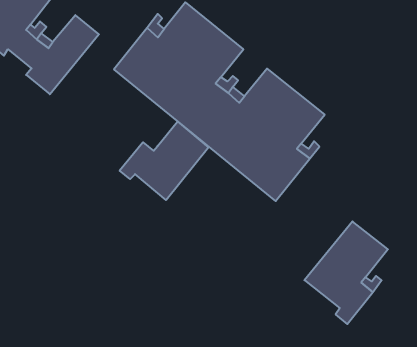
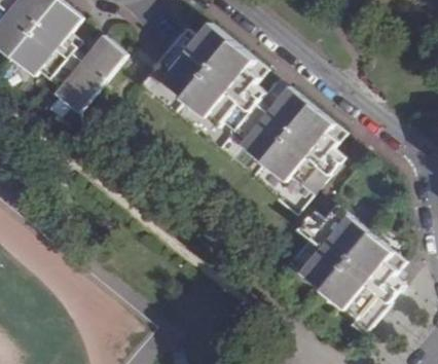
building: [120,121,209,200] -> none
building: none -> [291,205,369,288]

